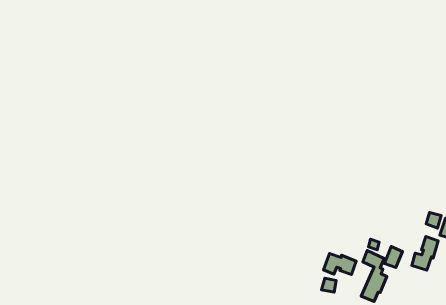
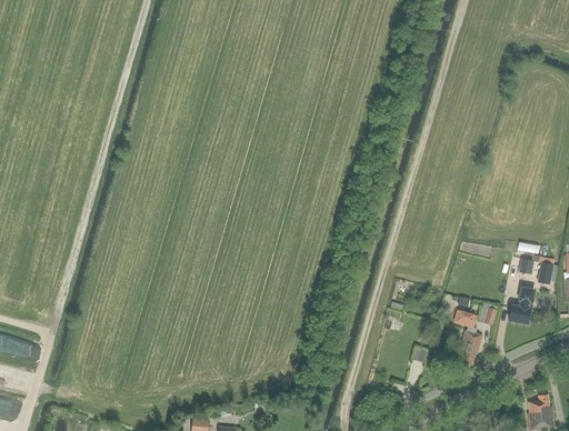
building: [324,254,356,275] -> none

